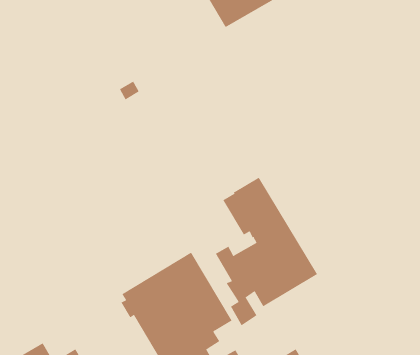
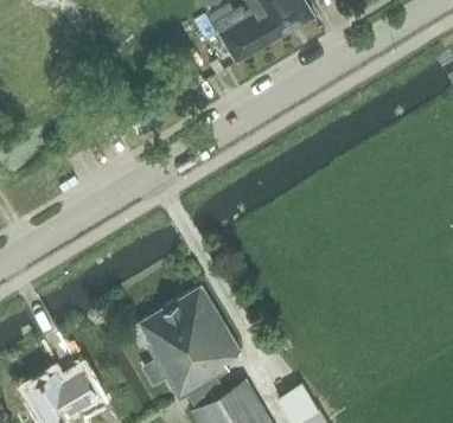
building: [215,177,318,326] -> none

